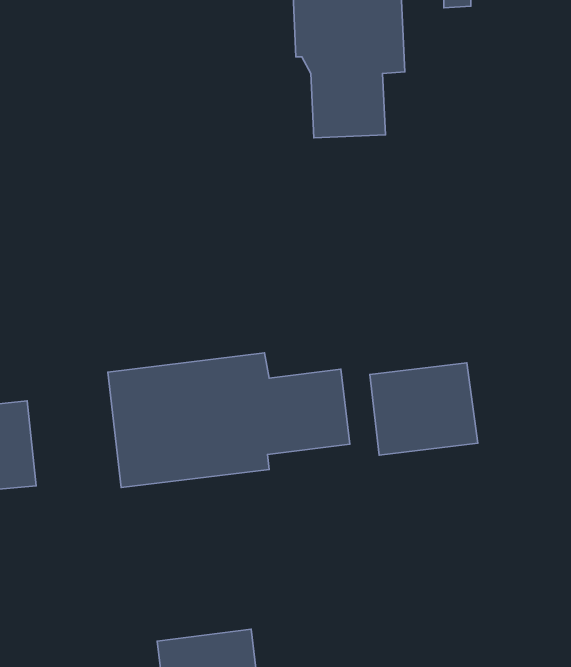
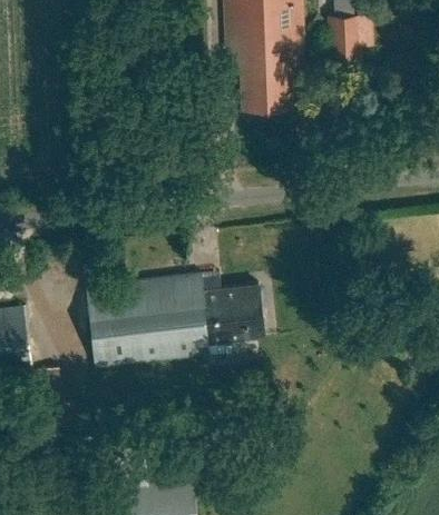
building: none -> [326,14,375,63]
building: [370,363,478,455] -> none

